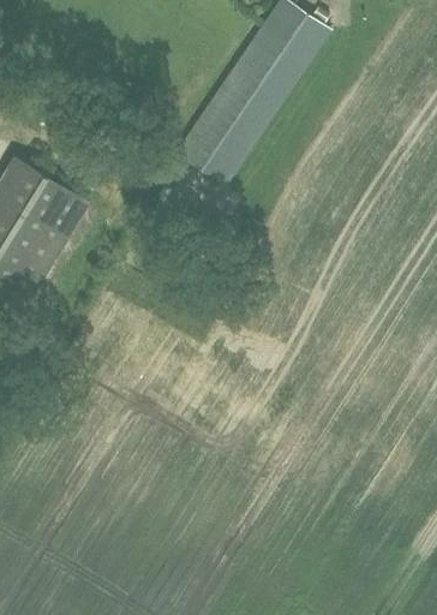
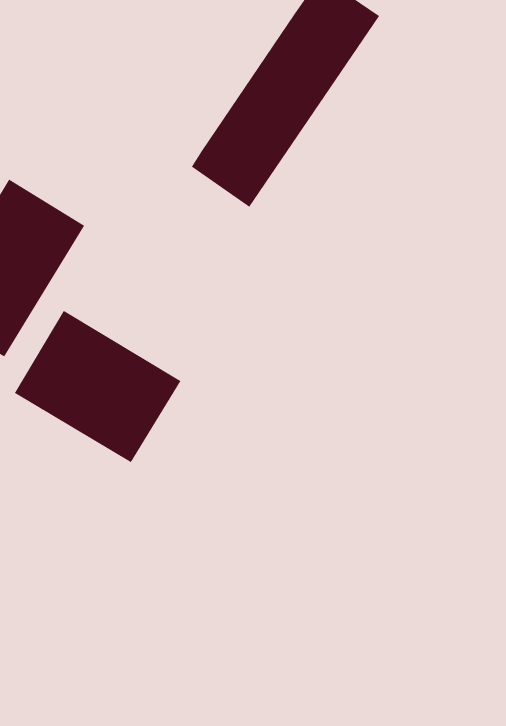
building: none -> [14,310,181,463]

